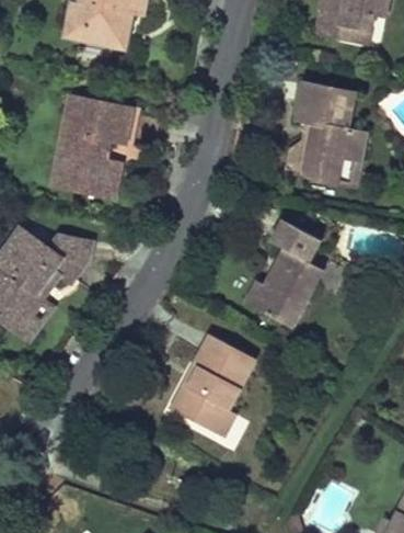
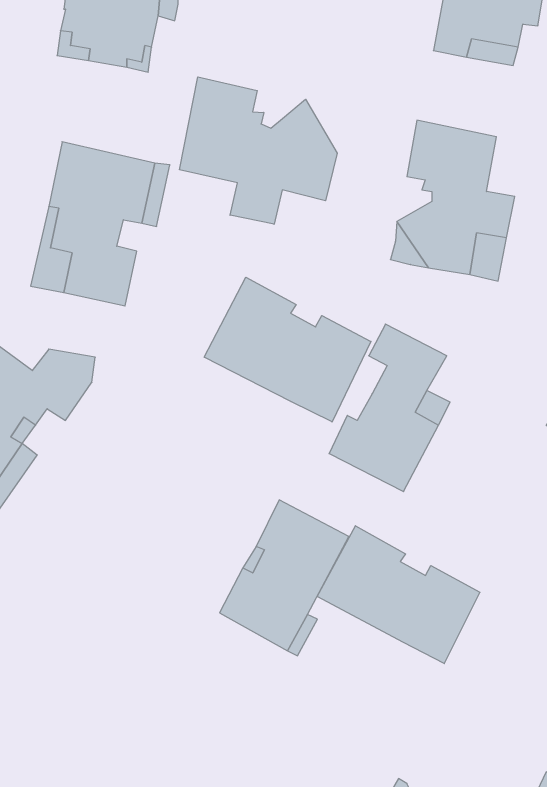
building: none -> [180,77,337,224]
building: none -> [204,277,371,422]
building: none -> [317,526,480,664]

